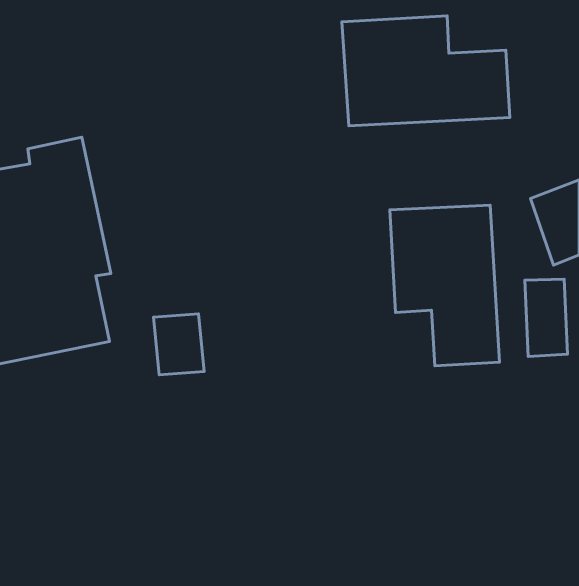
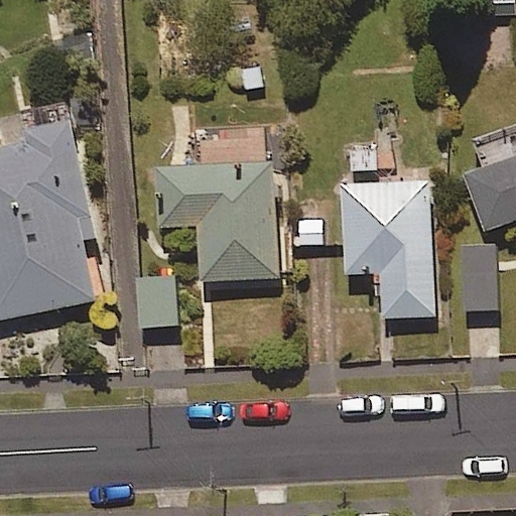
building: [342,16,510,126] -> none
building: none -> [155,163,274,279]

